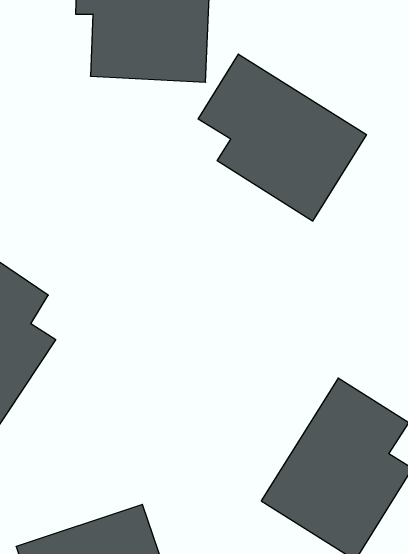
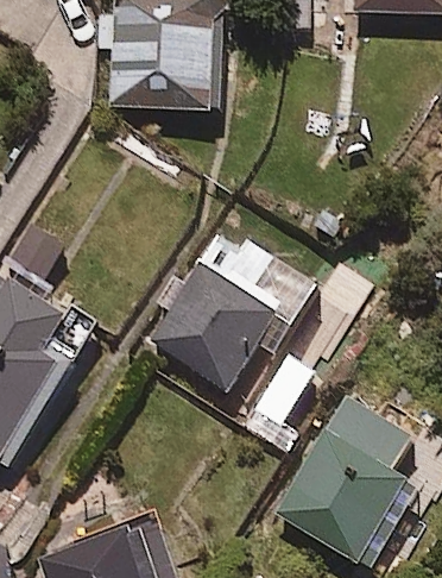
building: [198,54,366,221] -> none
building: none -> [147,224,316,390]

